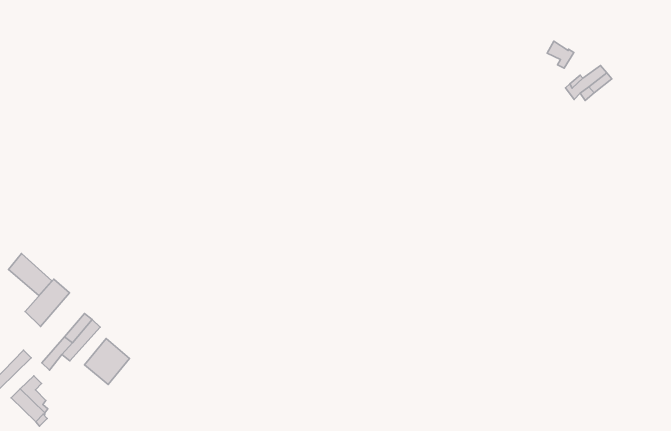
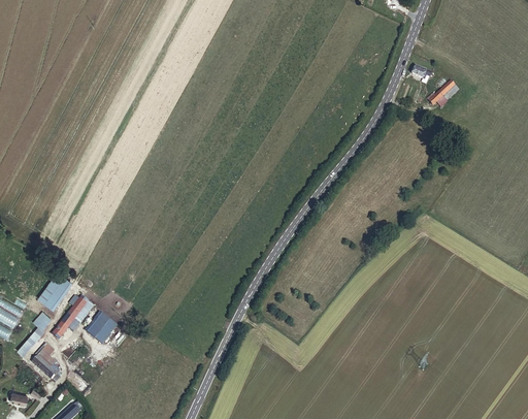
building: [9,253,52,296] -> none

